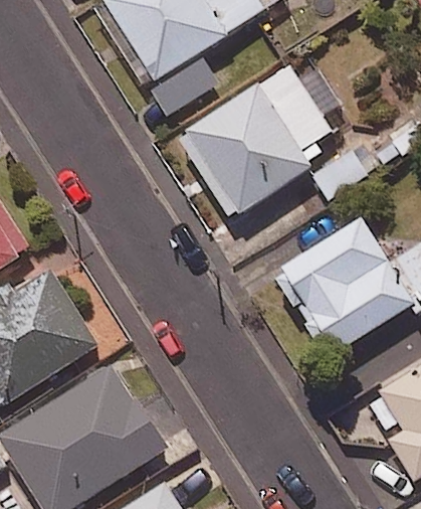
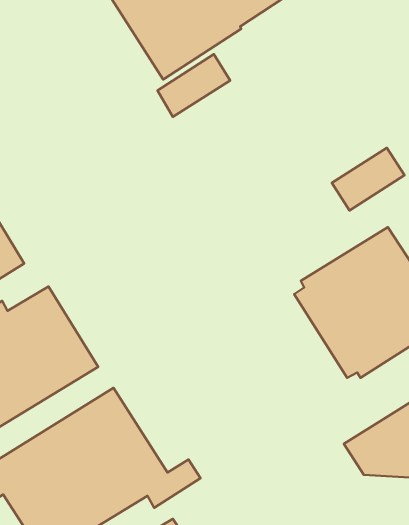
building: [178,63,341,215] -> none

